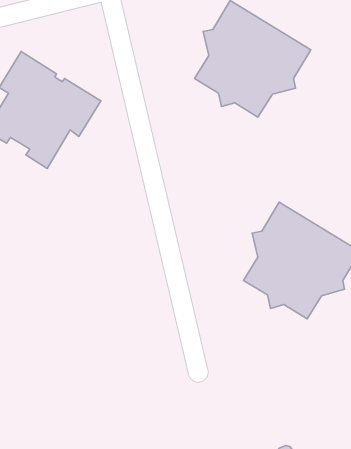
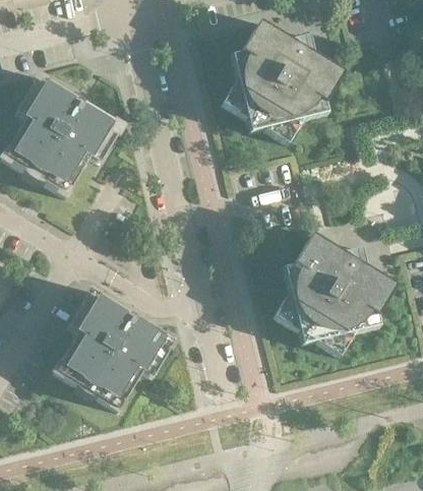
building: none -> [55,287,176,409]

